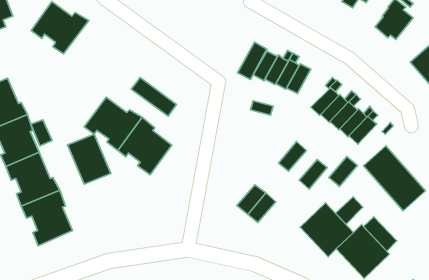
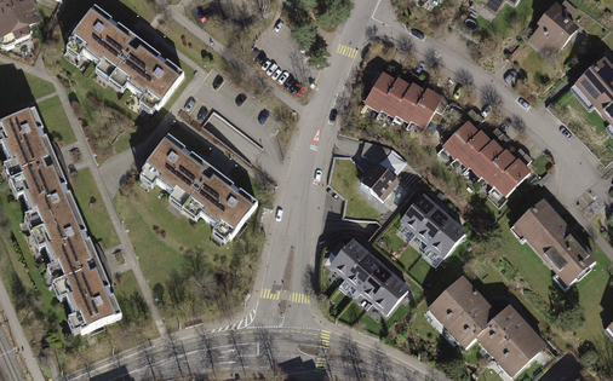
building: none -> [109,31,183,109]
building: [237,42,267,80] -> none
building: none -> [360,164,399,202]
building: [31,120,52,146] -> none
building: [68,134,111,184] -> none
building: [329,157,358,186] -> [411,206,449,246]
building: none -> [328,239,366,279]
building: [335,197,363,224] -> none
building: none -> [369,275,407,314]
building: [363,217,397,251] -> none

